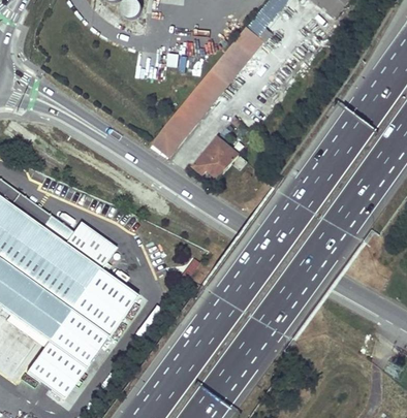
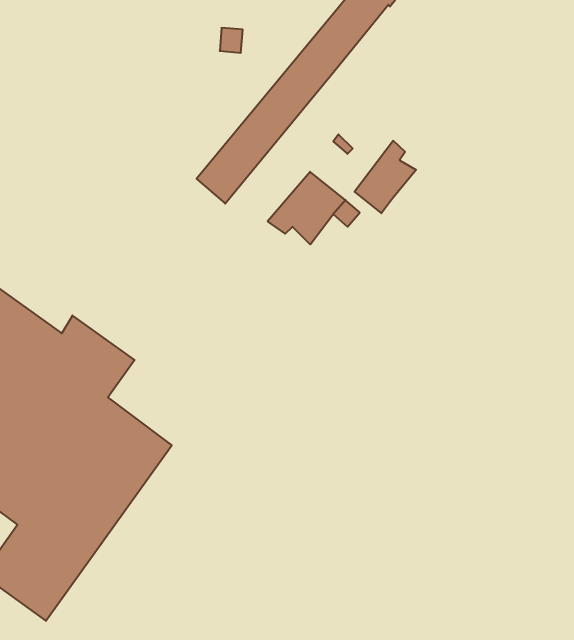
building: none -> [355,141,416,213]

